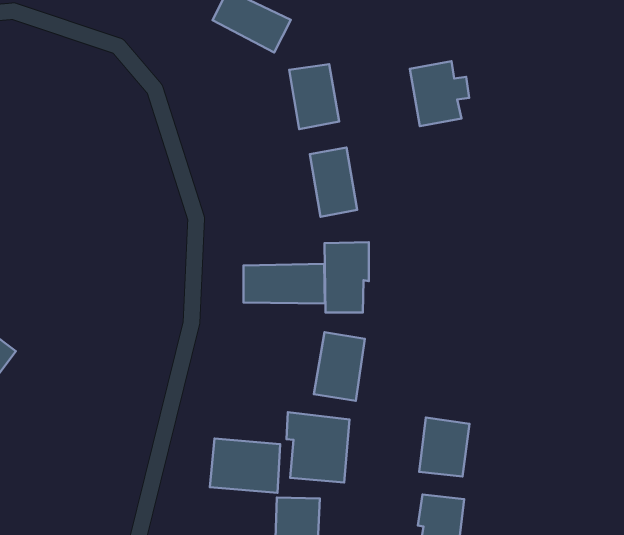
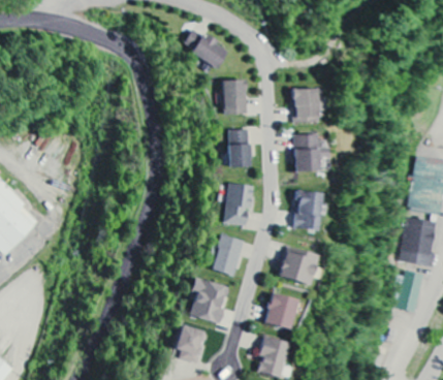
building: none -> [293,133,326,171]
building: none -> [293,191,321,231]
building: [244,264,325,303] -> none
building: none -> [279,247,317,285]
building: [210,439,280,493] -> none

